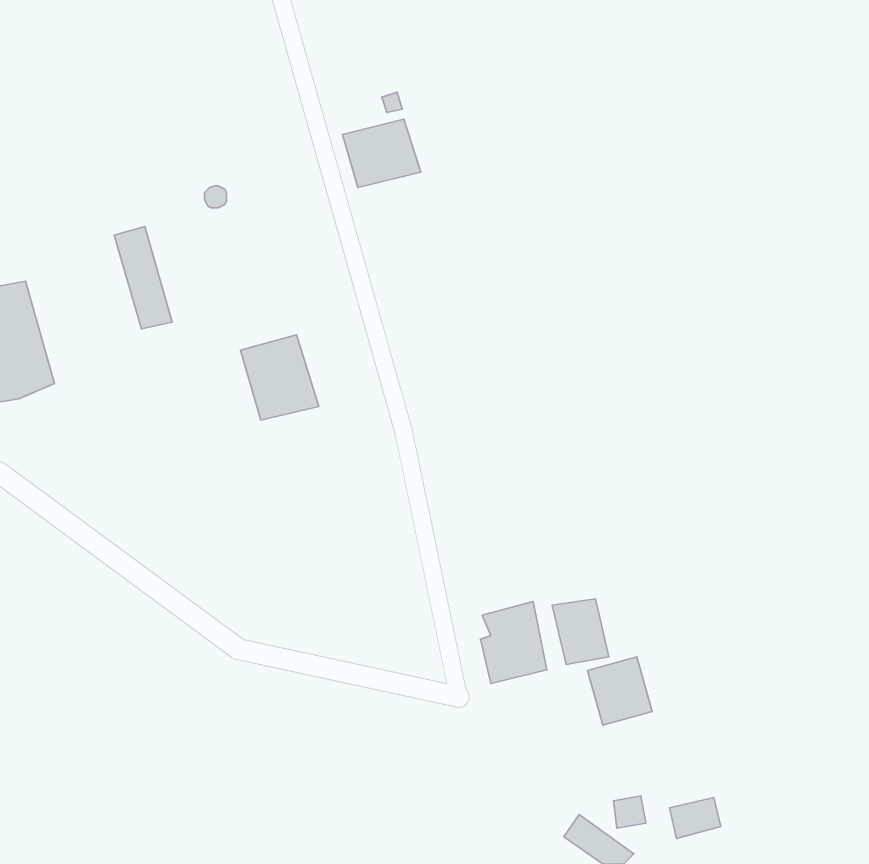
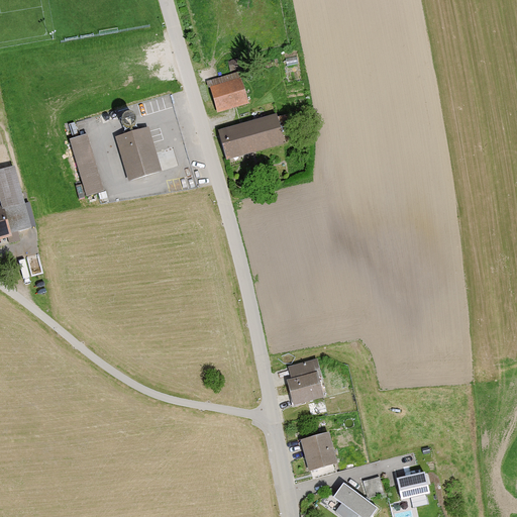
building: none -> [217,113,286,158]
building: [240,335,319,420] -> [114,127,161,178]
building: [552,599,609,665] -> none
building: [588,657,652,725] -> [299,430,337,471]

